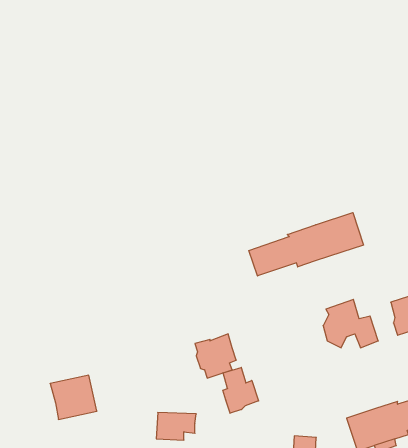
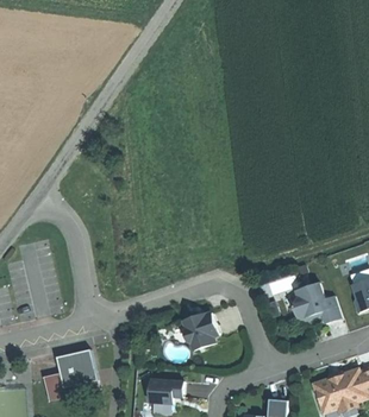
building: [249,213,363,276] -> none
building: [223,367,259,413] -> none
building: none -> [45,371,100,398]

